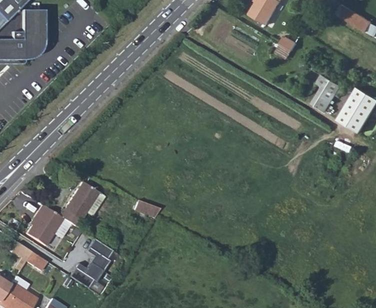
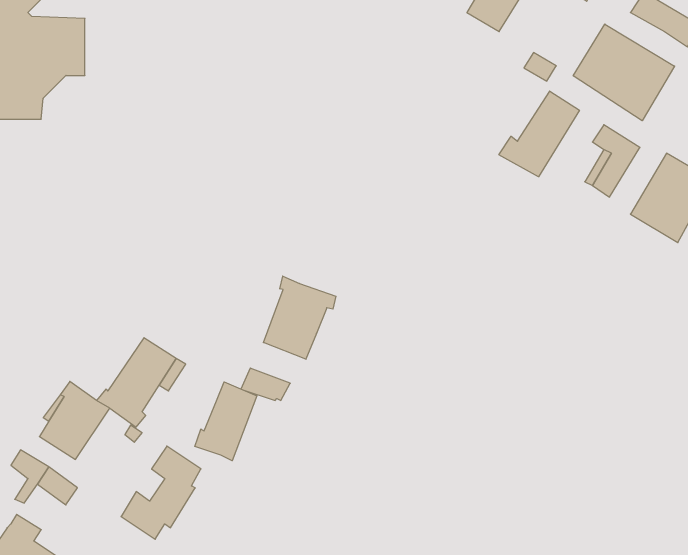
building: none -> [573,24,675,121]
building: none -> [499,91,579,177]
building: none -> [263,276,336,359]
building: none -> [195,382,257,461]

